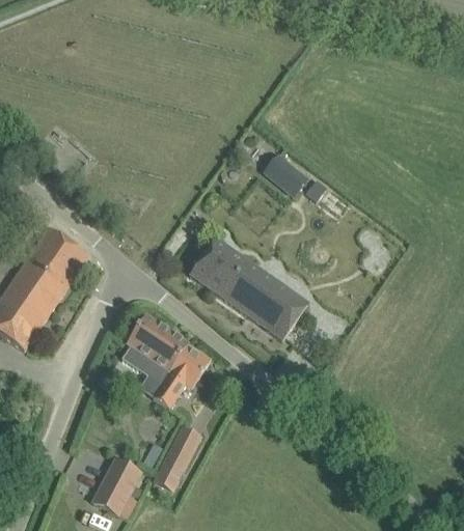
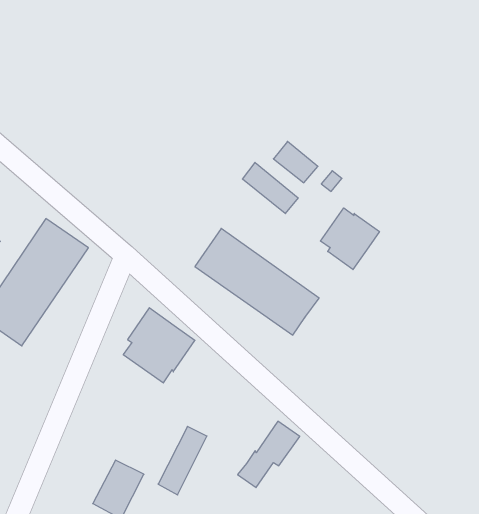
building: none -> [242,162,298,214]
building: none -> [320,208,379,270]
building: [151,344,210,408] -> [238,421,300,488]

